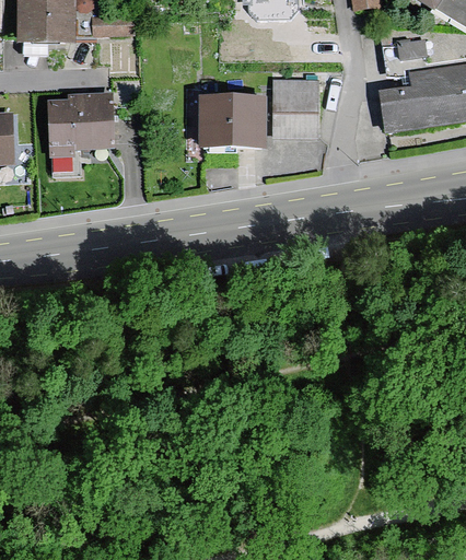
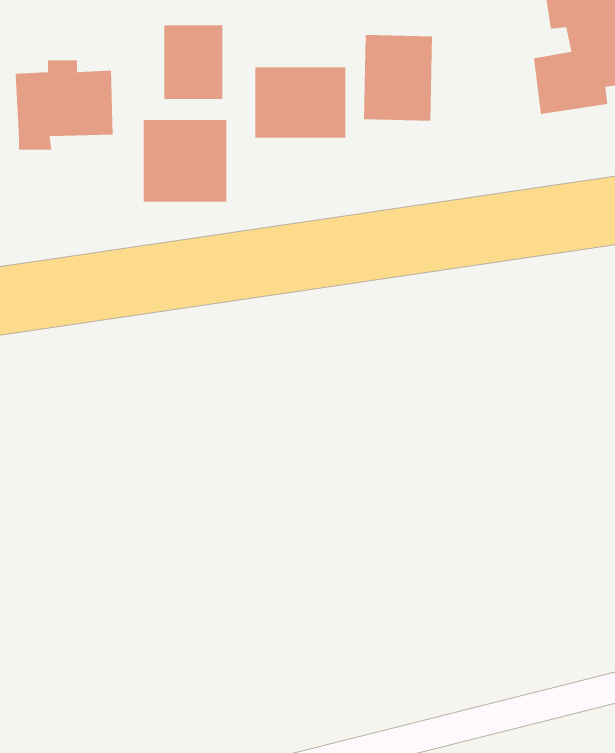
building: none -> [164,25,223,100]
building: none -> [143,119,227,203]

